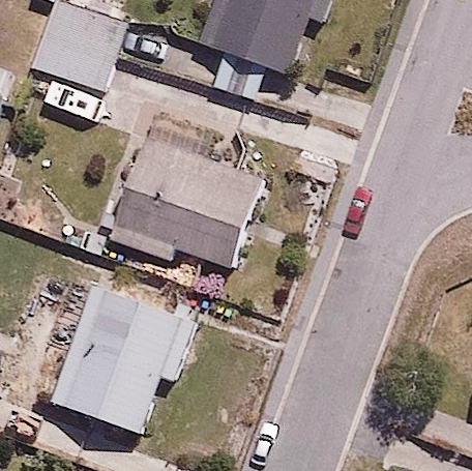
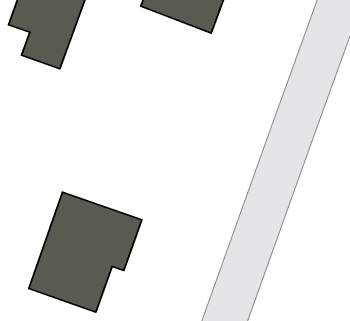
building: [109,139,263,269] -> none

